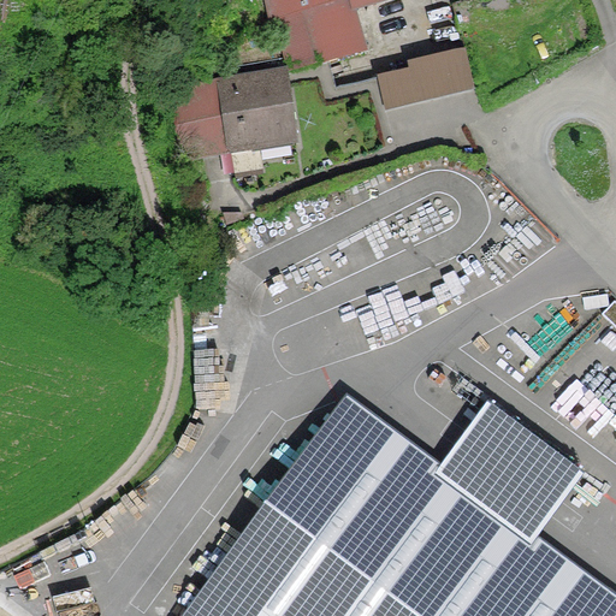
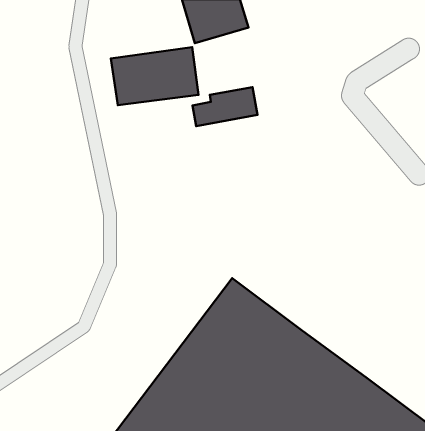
building: [390,49,480,103] -> [193,87,258,126]
building: [442,401,581,533] -> none

